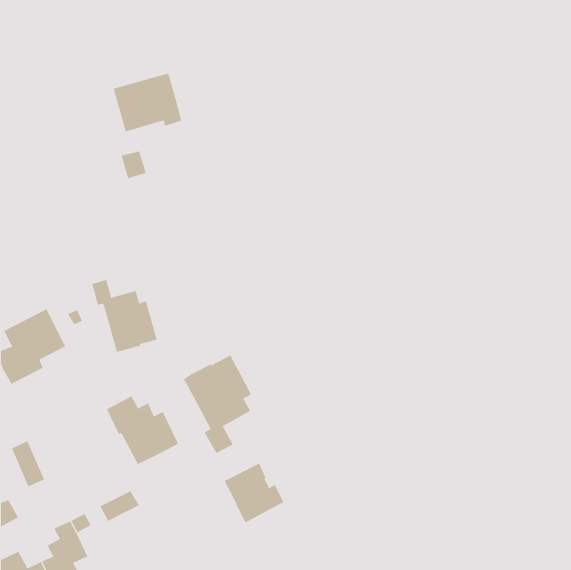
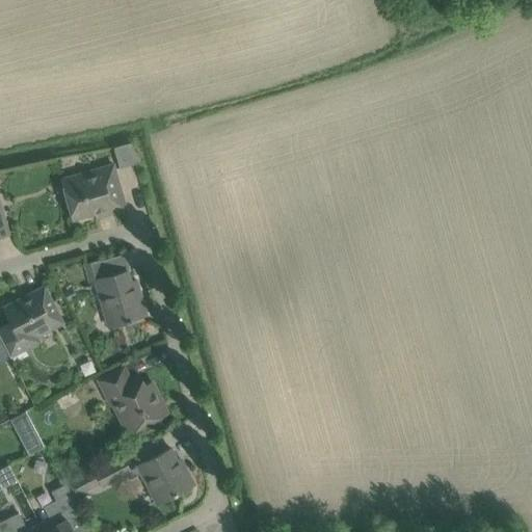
building: [113,73,182,132] -> [61,165,126,220]
building: [183,355,252,454] -> none
building: [224,463,284,523] -> [137,449,193,505]

